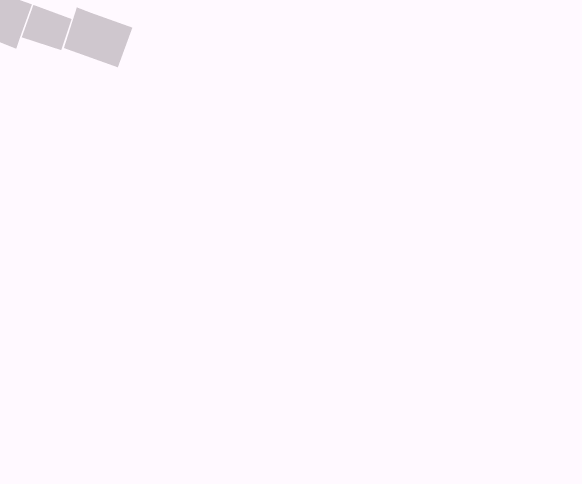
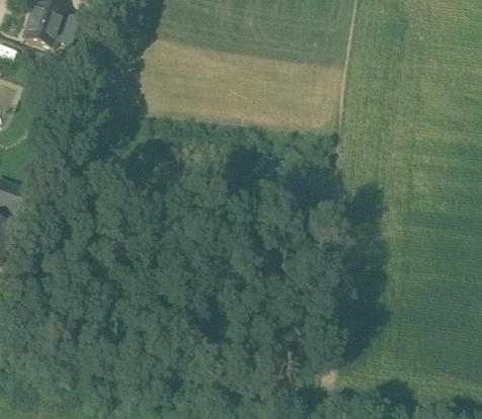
building: [63,7,133,68] -> none

